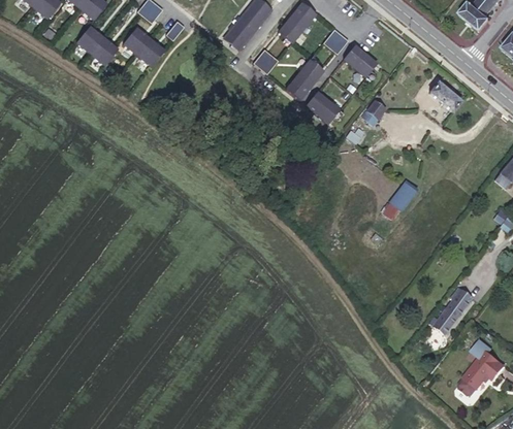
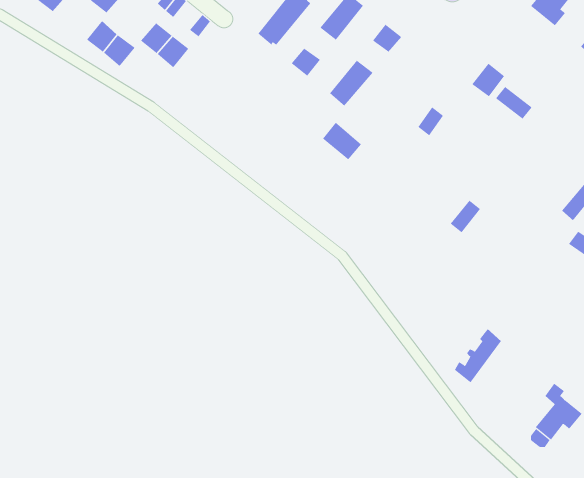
building: [344,45,378,77] -> none
building: none -> [472,63,505,97]
building: [306,91,340,124] -> [322,122,362,160]
building: [430,287,472,334] -> [454,328,502,383]

